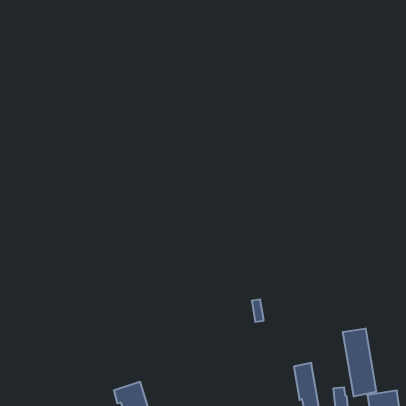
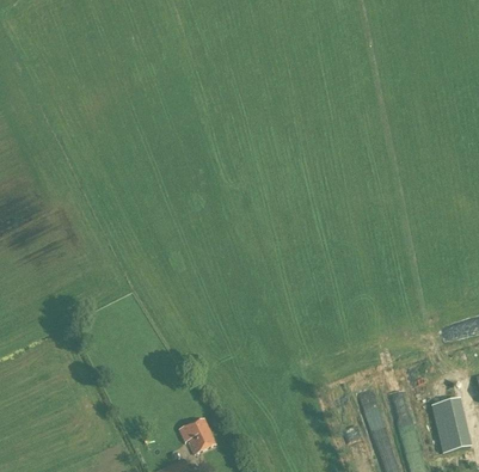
building: [343,328,376,397] -> none

